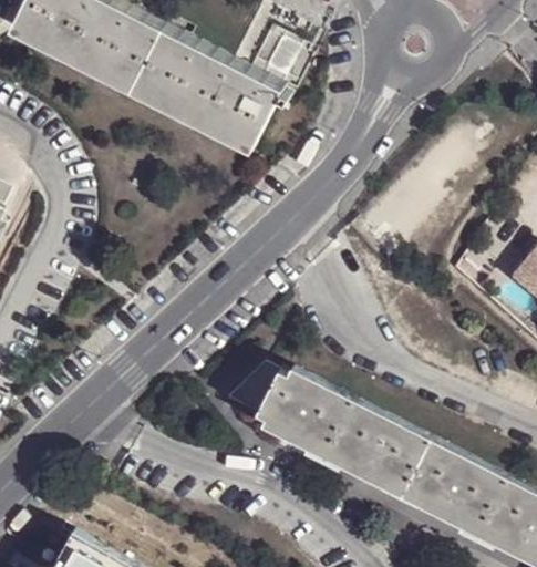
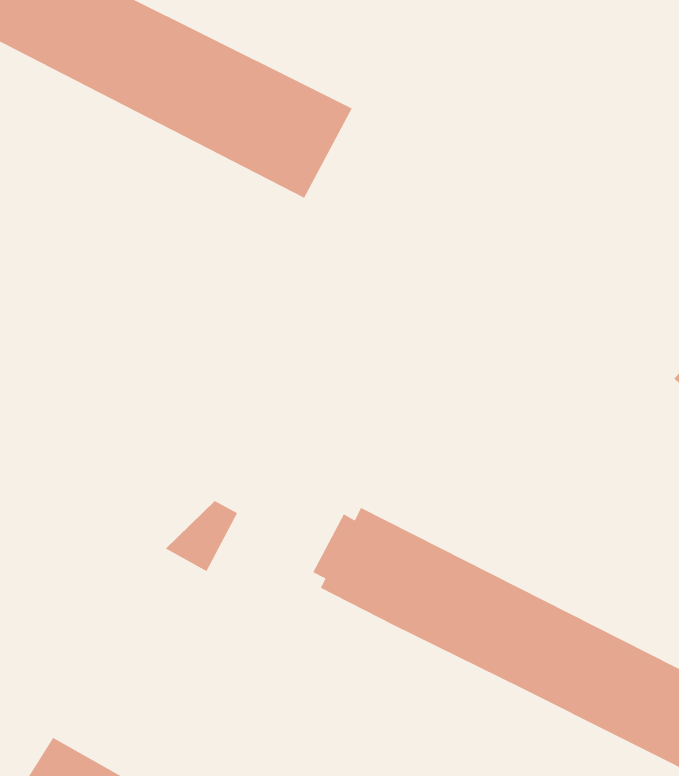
building: [249,30,314,93] -> none
building: [226,367,278,417] -> [165,500,238,572]

